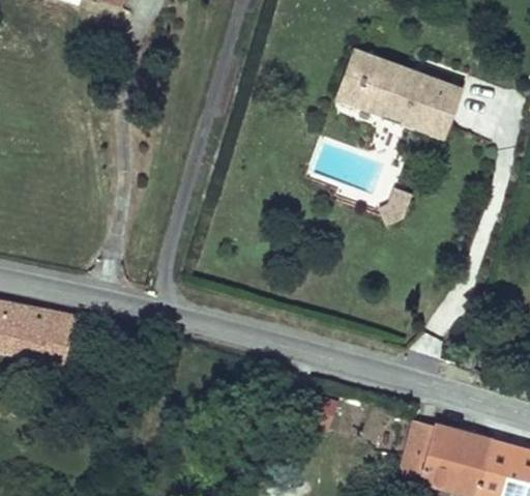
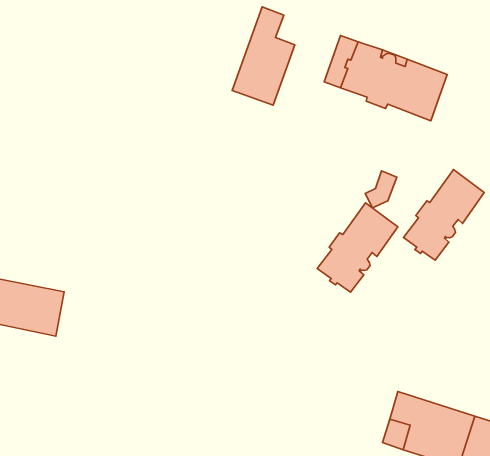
building: none -> [232,7,295,105]
building: none -> [403,170,484,260]
building: none -> [317,203,398,292]

